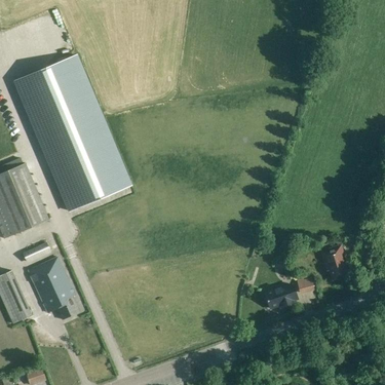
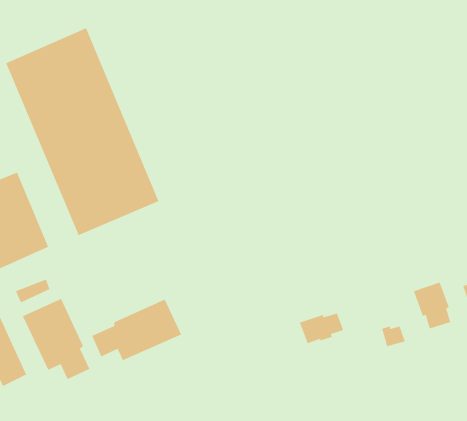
building: none -> [91,298,182,361]
building: [264,284,298,308] -> [299,312,344,344]

